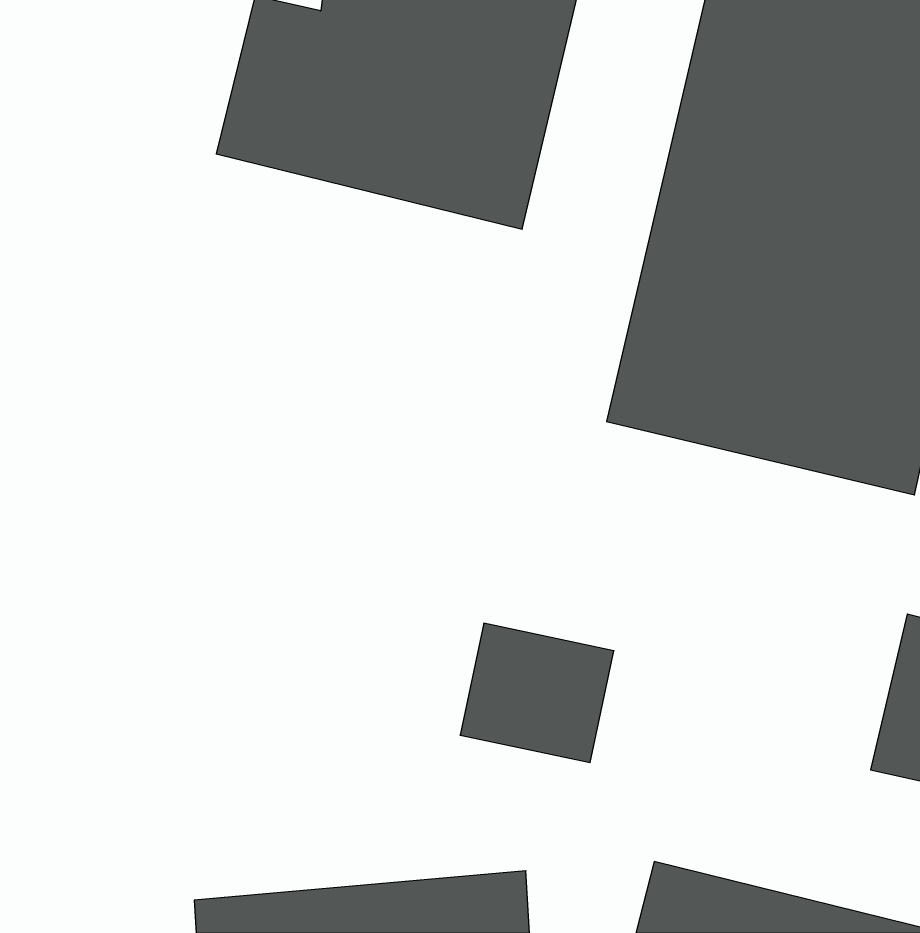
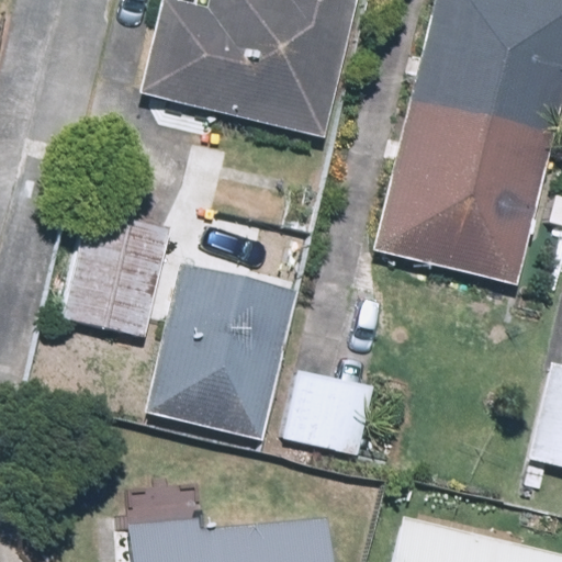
building: none -> [64,205,173,335]
building: none -> [144,262,301,442]

